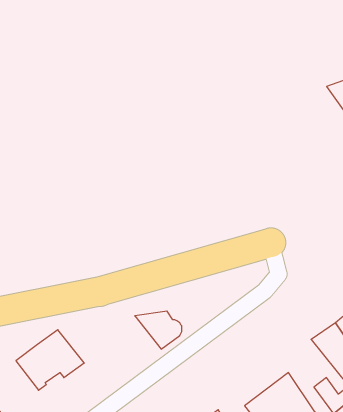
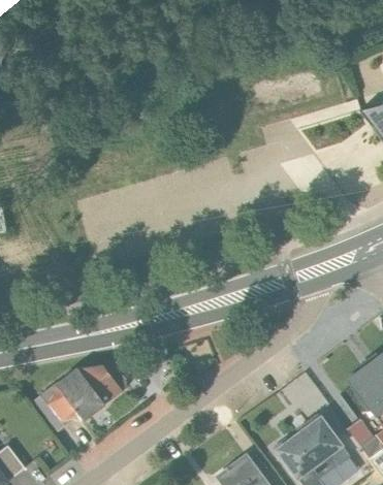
building: [135,311,182,349] -> [77,363,127,403]

